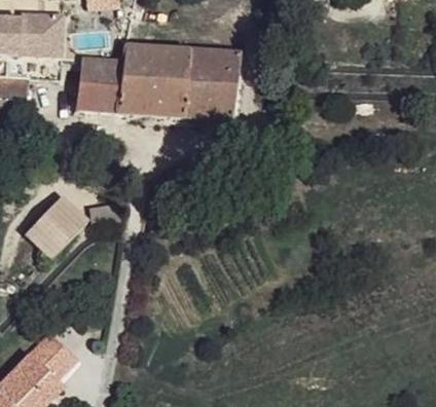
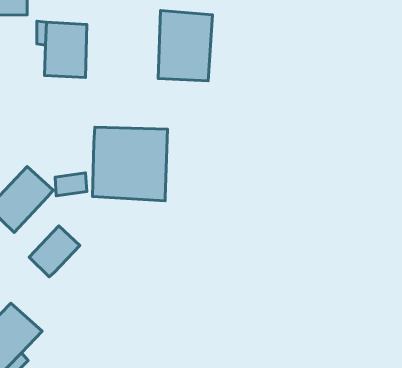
building: [120,47,191,117] -> [93,127,167,201]
building: none -> [29,226,80,277]

